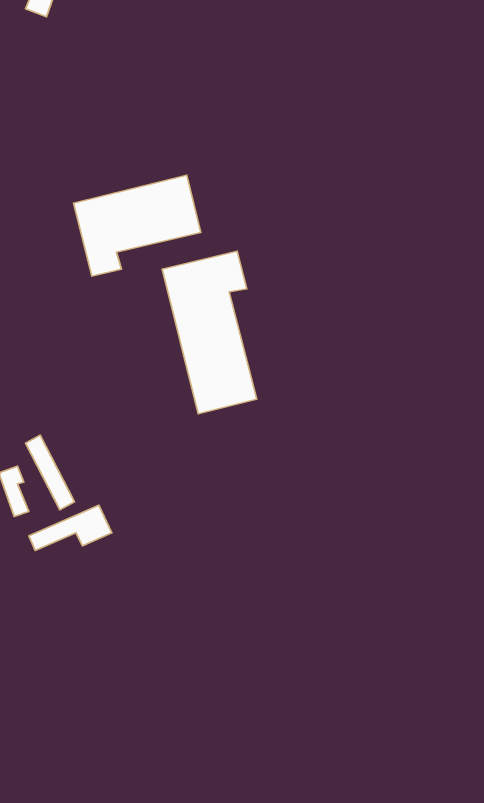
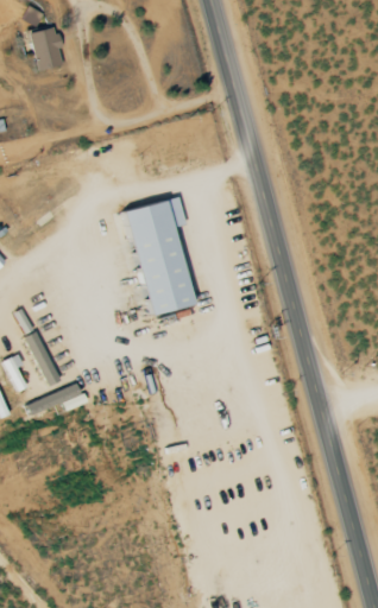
building: none -> [33,27,65,70]
building: [73,175,201,276] -> none

